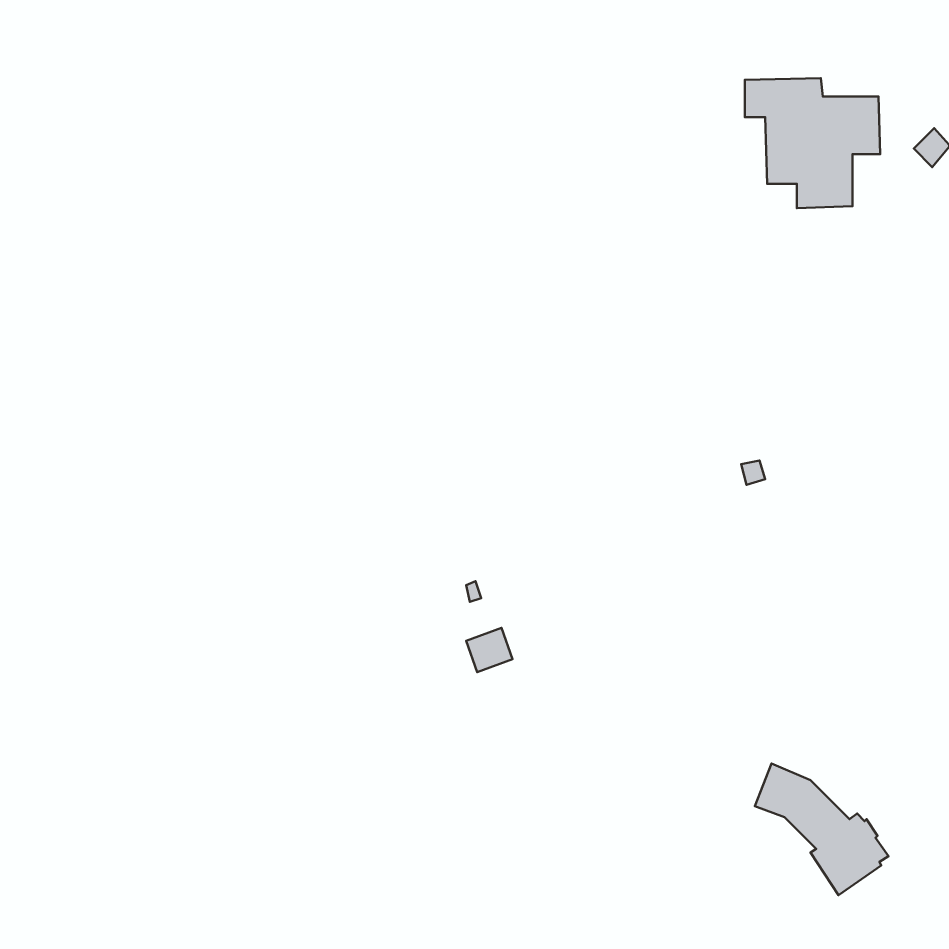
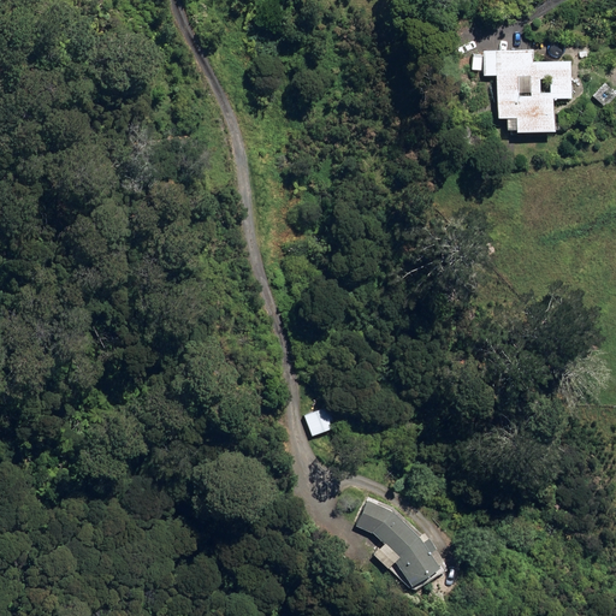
building: [755,763,889,895] -> [356,498,443,584]

